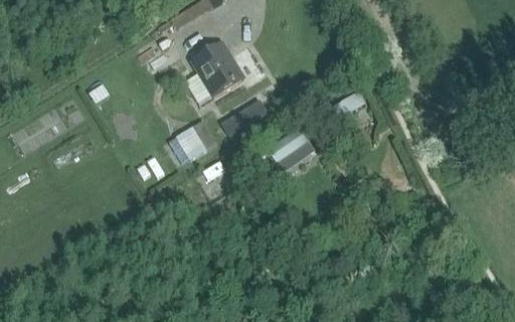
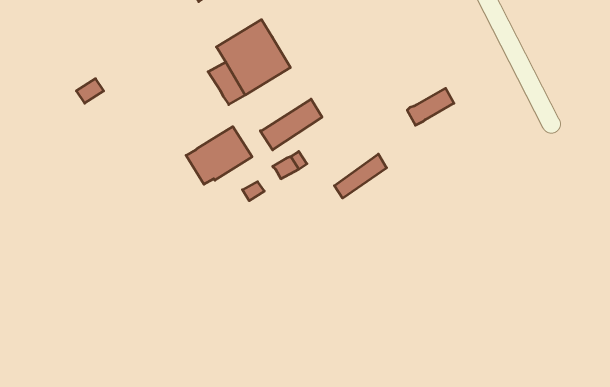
building: [267,125,311,163] -> none

